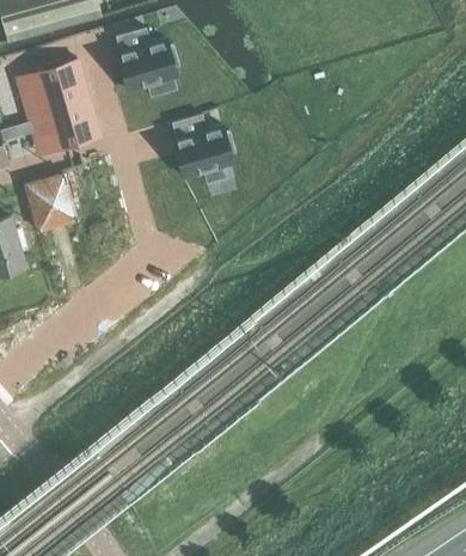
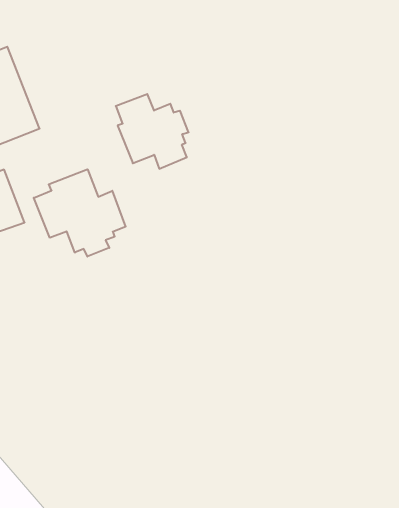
building: [111,28,176,97] -> none
building: none -> [34,169,126,257]

